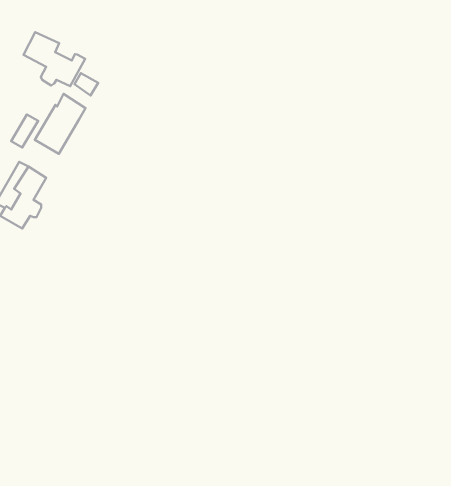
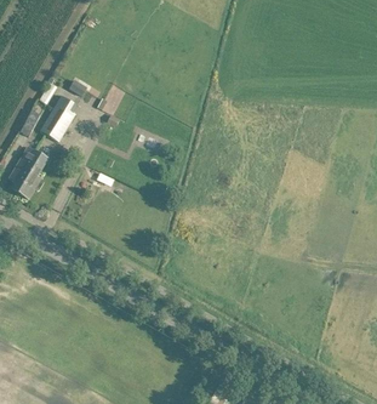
building: [24,32,85,86] -> none

